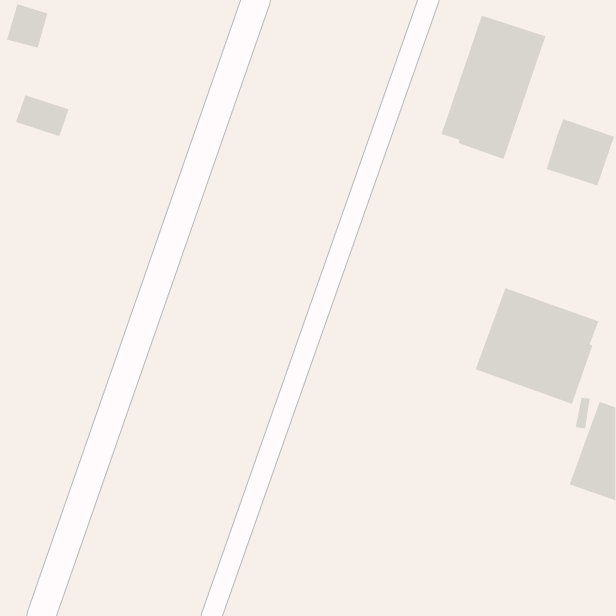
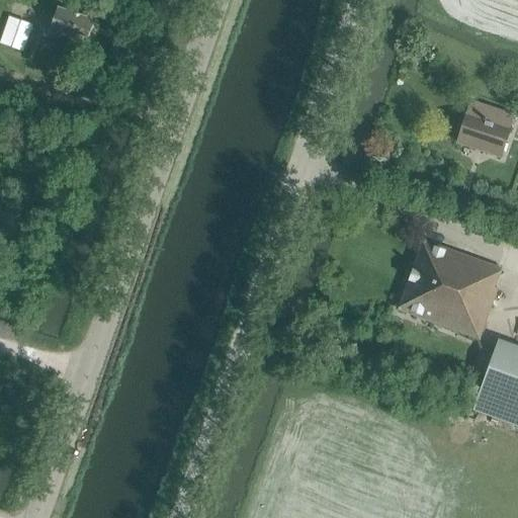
building: [441,15,546,160] -> none
building: [15,95,70,137] -> [49,8,94,44]

